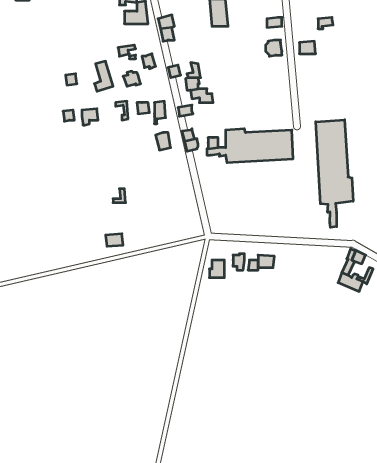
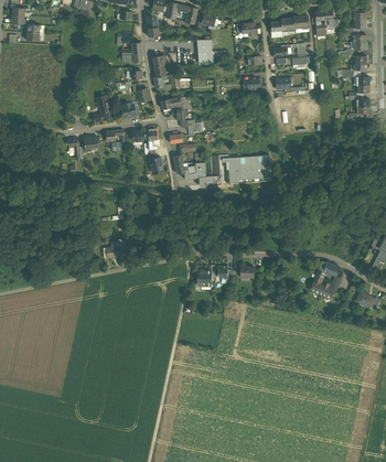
building: [316,120,353,227] -> none

